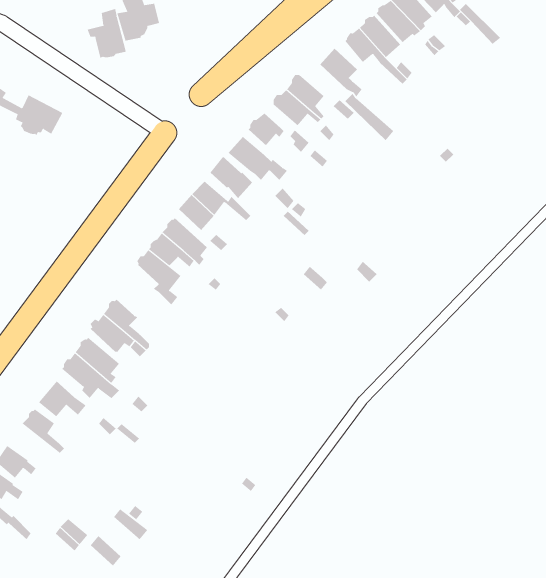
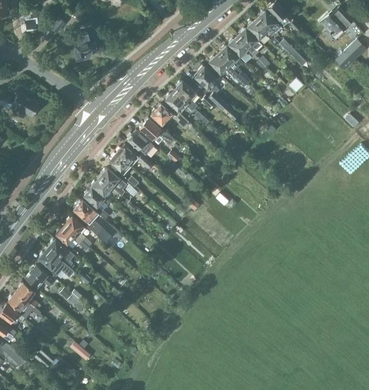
building: [87,8,127,58] -> none
building: none -> [73,199,110,242]
building: none -> [8,291,42,319]

